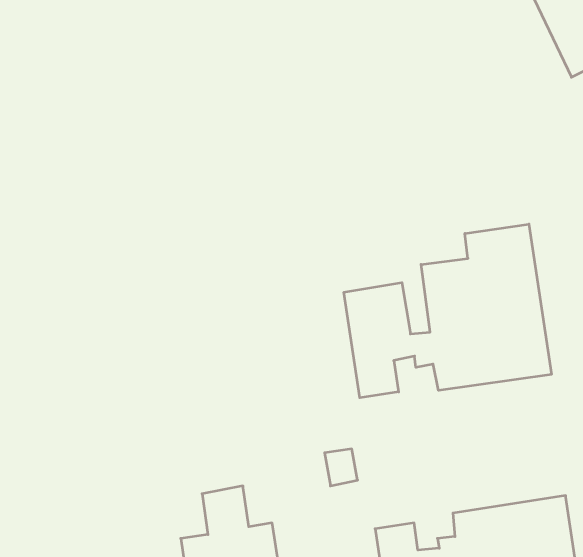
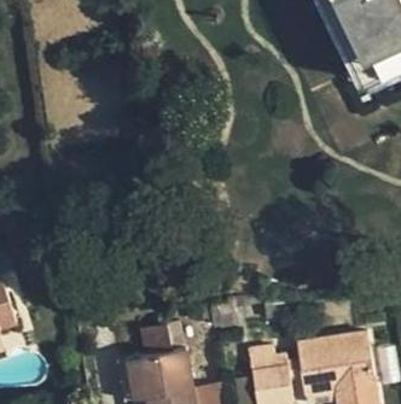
building: [344,224,551,398] -> none

